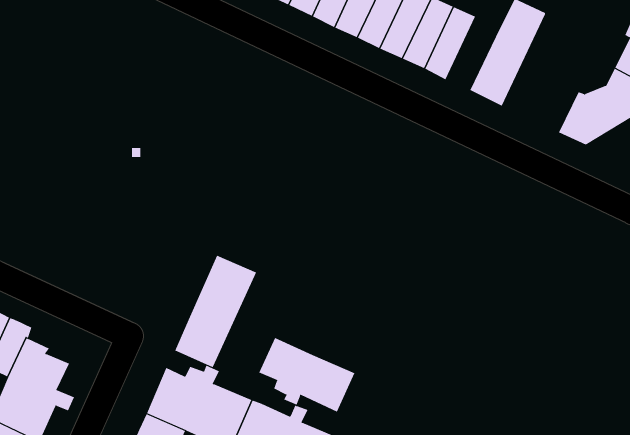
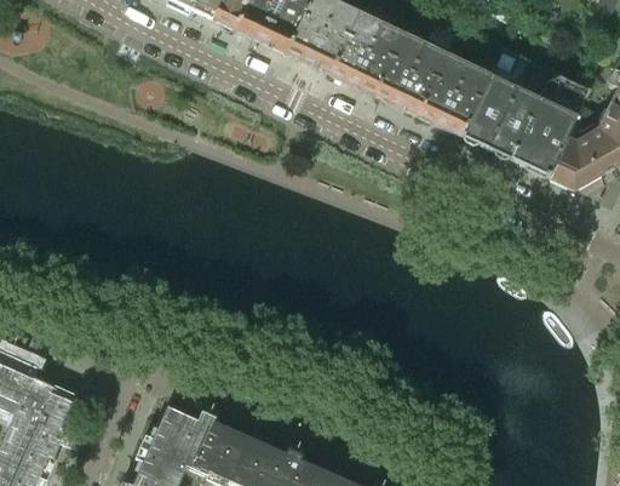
building: none -> [493,62,591,177]
building: none -> [438,64,490,136]
building: [175,255,257,368] -> none
building: [258,337,355,412] -> none

